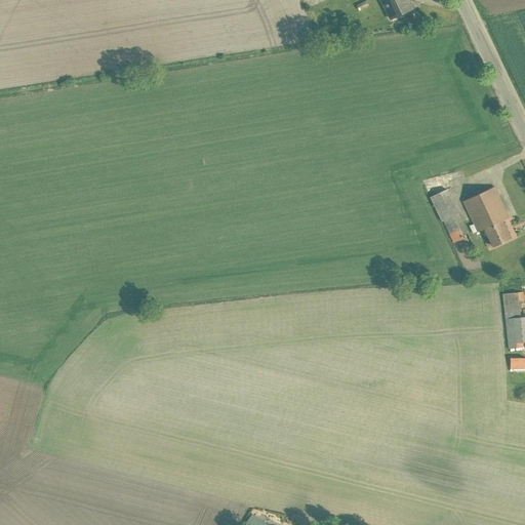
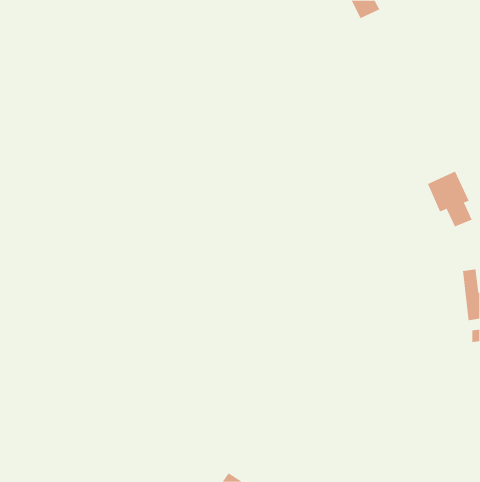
building: [431,189,469,242] -> none

